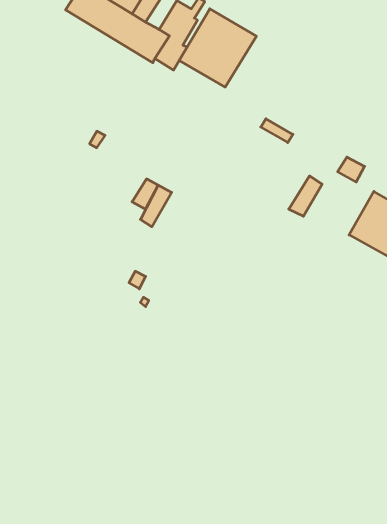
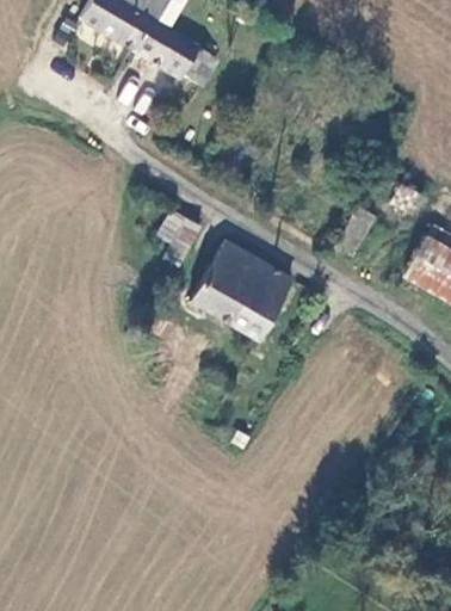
building: [179,9,256,87] -> none
building: none -> [191,241,291,340]

